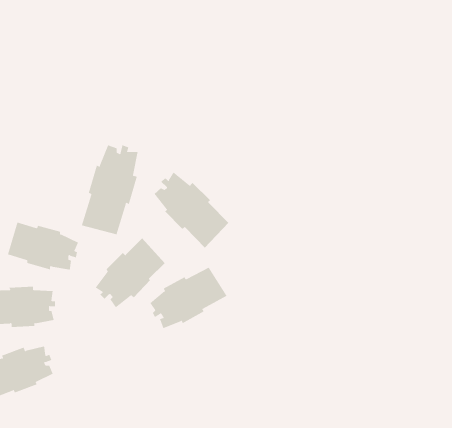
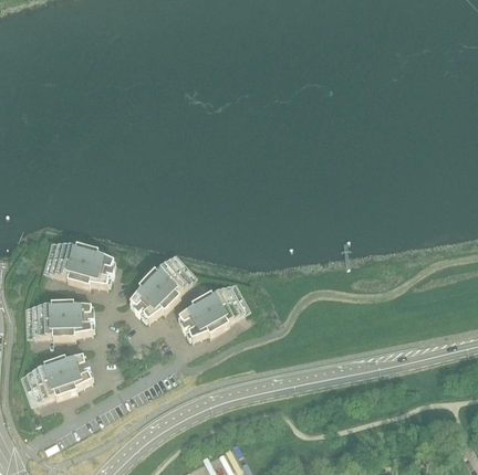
building: [81,145,138,235] -> none
building: [154,172,229,249] -> none

